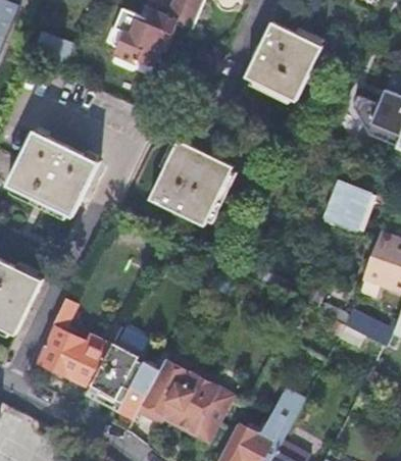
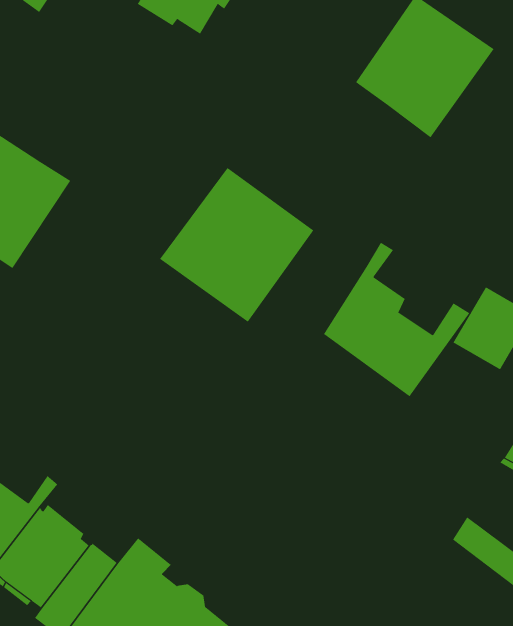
building: none -> [322,242,470,397]

